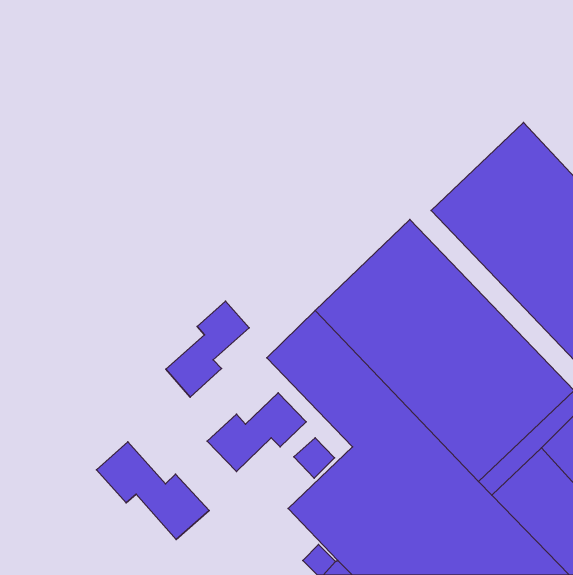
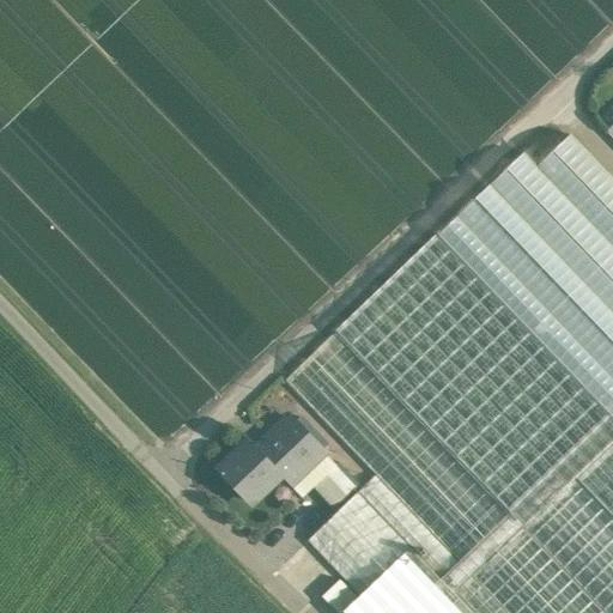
building: [166,301,249,397] -> none
building: [96,442,209,539] -> none

